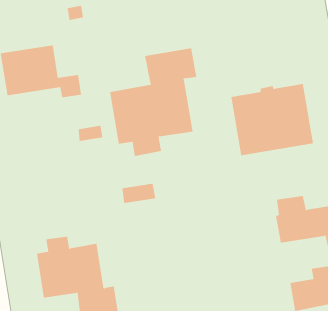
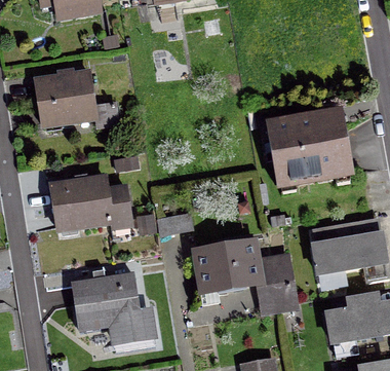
building: [109,48,197,157] -> none
building: none -> [51,177,132,228]
building: none -> [195,234,295,312]

